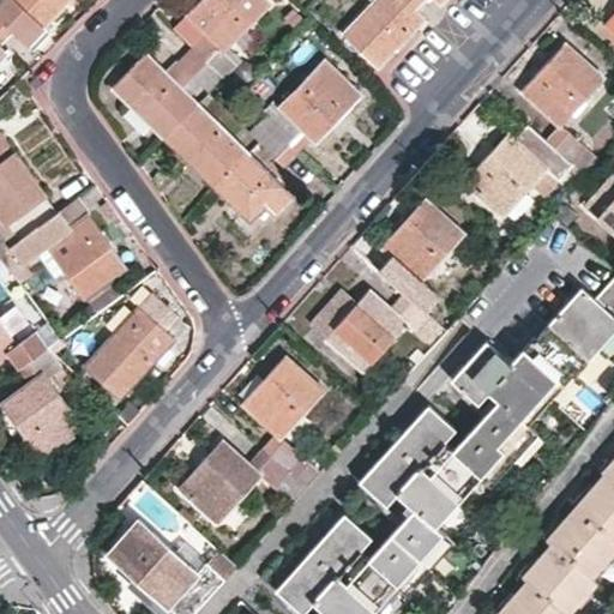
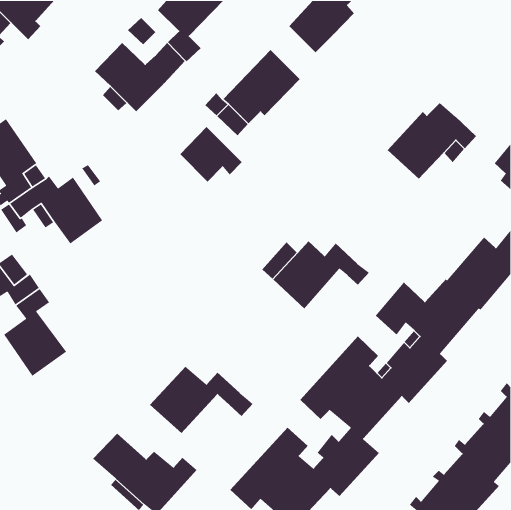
building: [520,43,602,177] -> none
building: [163,103,247,187] -> none
building: [383,199,463,318] -> none
building: [85,293,175,397] -> none
building: [242,357,324,478] -> none

